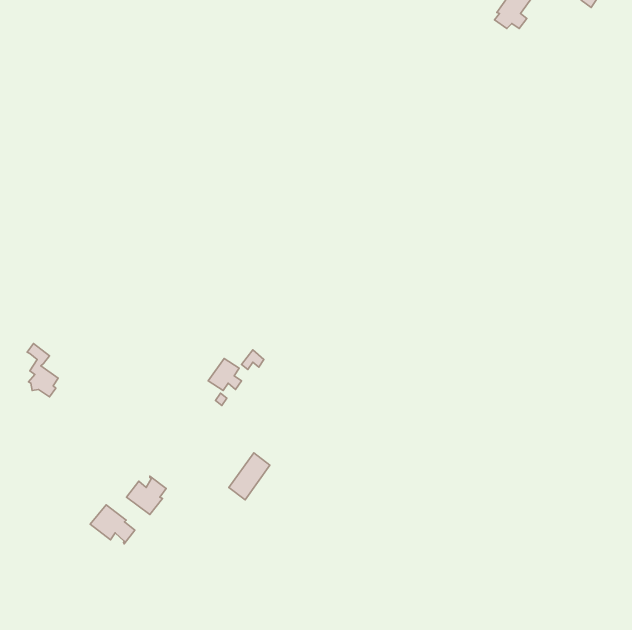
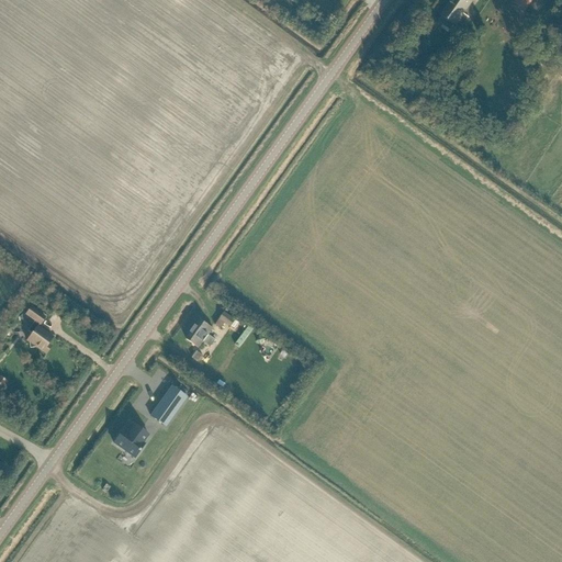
building: [229,453,270,500] -> [149,383,186,425]
building: [90,505,135,544] -> none

